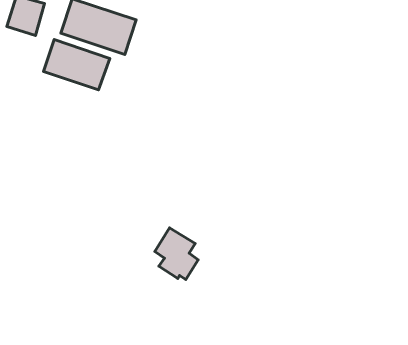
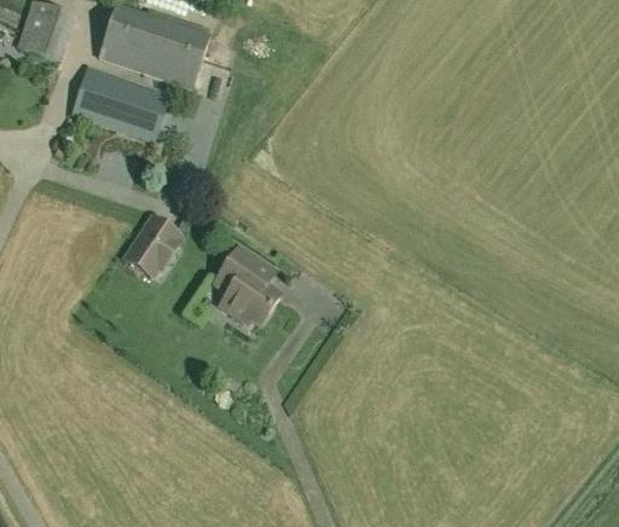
building: none -> [121,214,181,278]
building: [155,228,198,279] -> [215,247,279,323]

